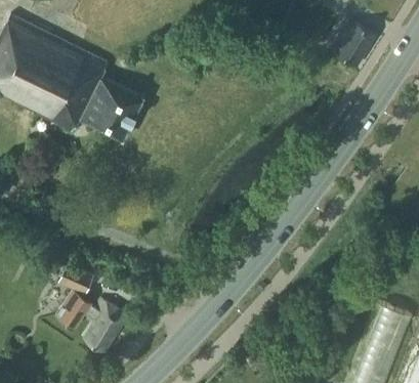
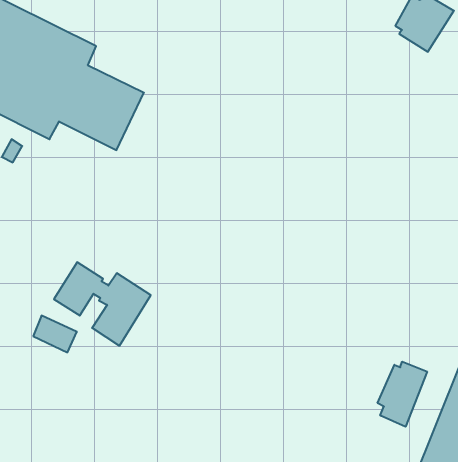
building: [56,290,129,352] -> [54,262,151,346]
building: none -> [378,362,427,427]

